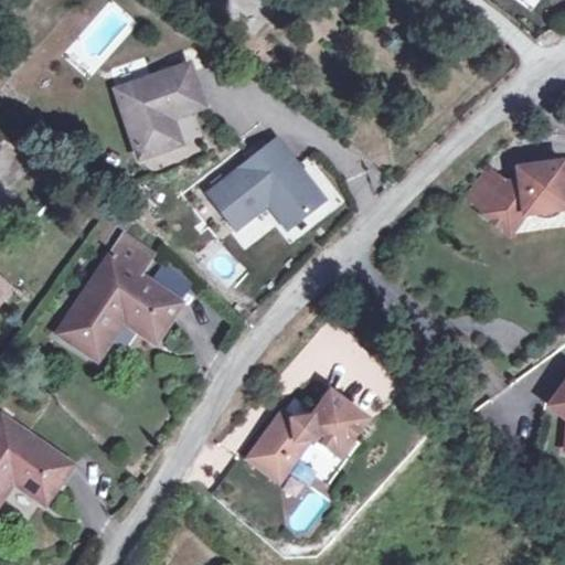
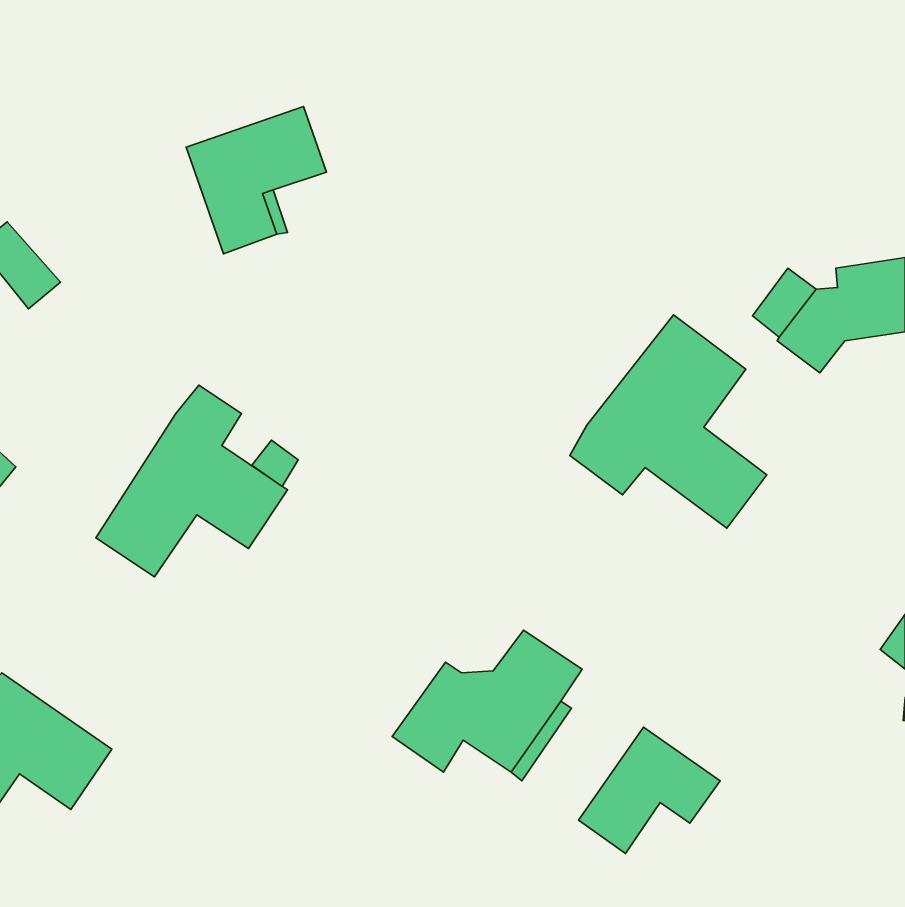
building: [209,138,323,227] -> none
building: none -> [570,315,767,528]
building: none -> [578,727,720,853]

